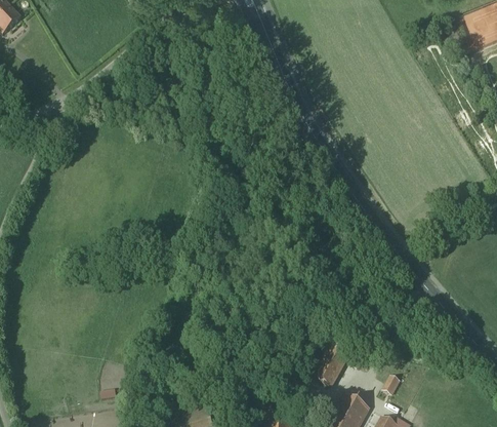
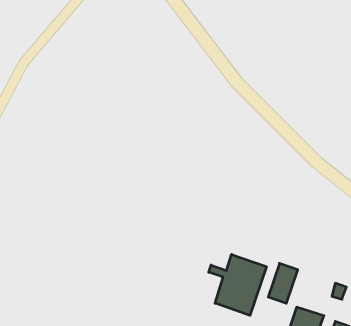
building: none -> [209,254,266,315]

